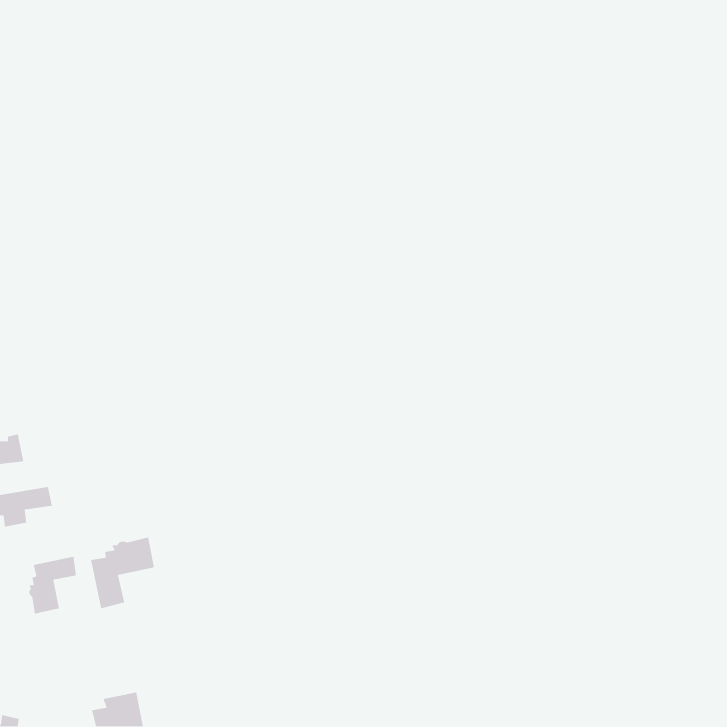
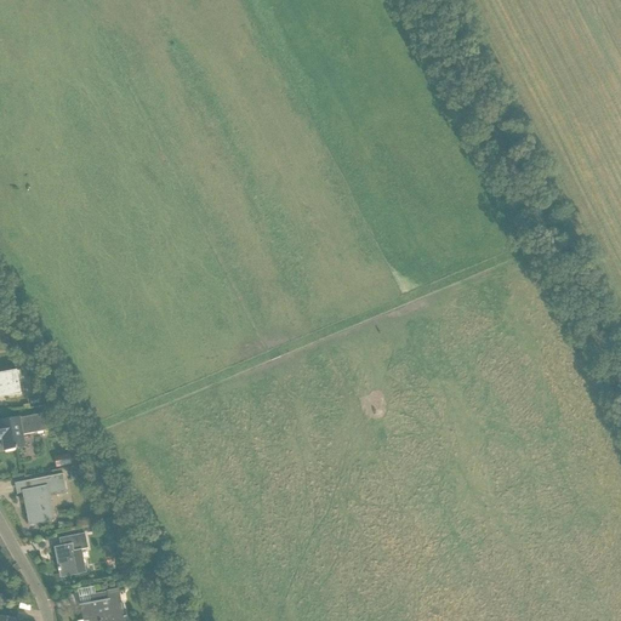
building: [90,537,155,609] -> none
building: none -> [53,532,86,575]

